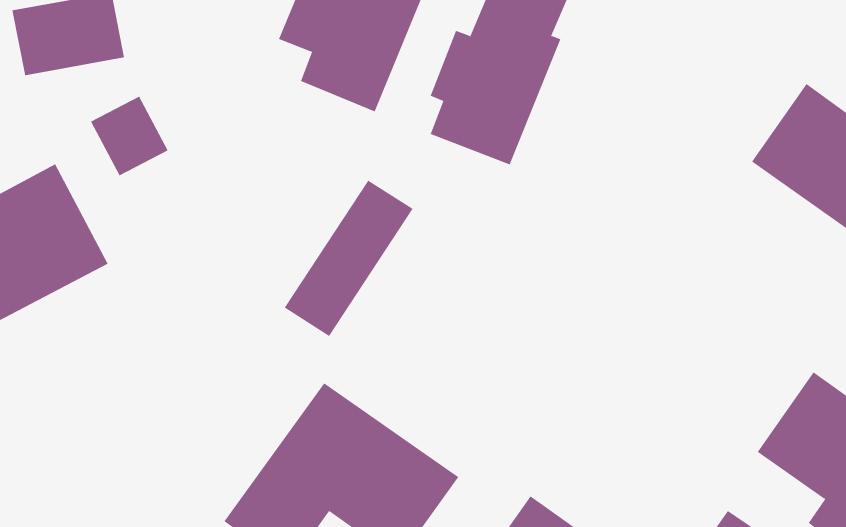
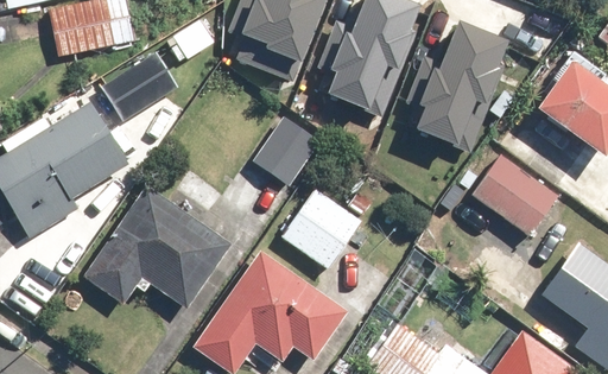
building: none -> [407,15,508,144]
building: none -> [475,160,558,236]
building: none -> [90,188,229,302]
building: none -> [283,190,360,267]

